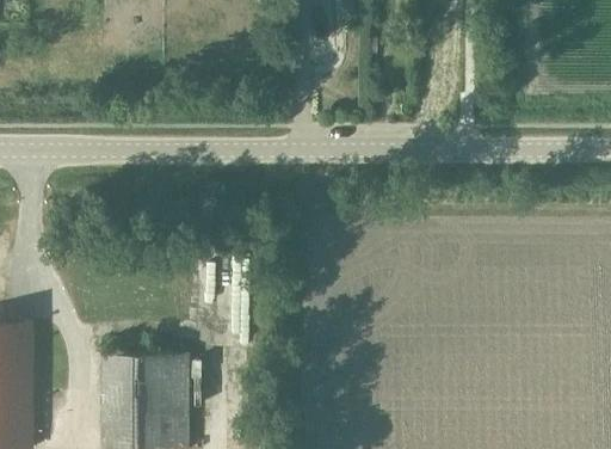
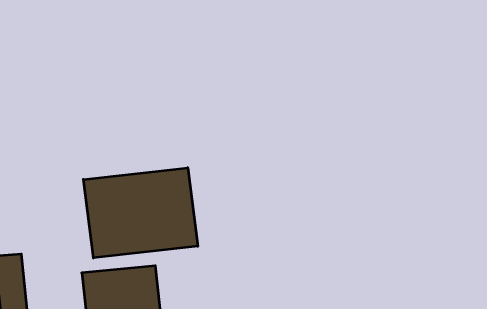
building: none -> [83,168,198,258]

